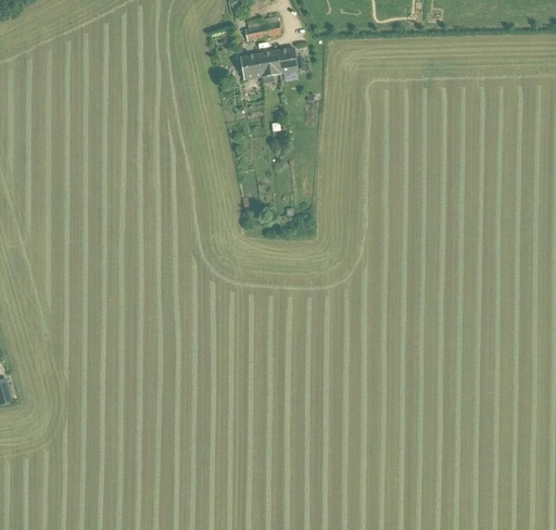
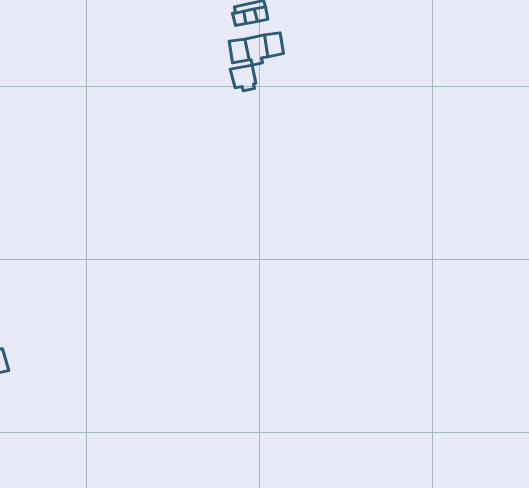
building: none -> [230,65,256,91]

